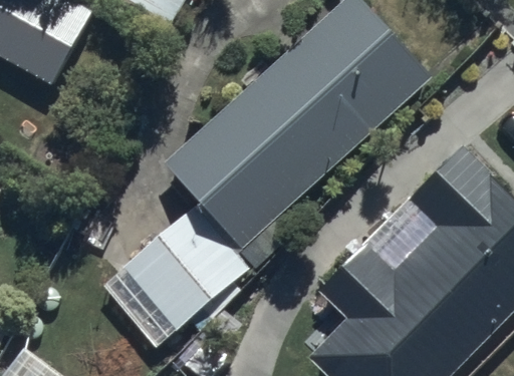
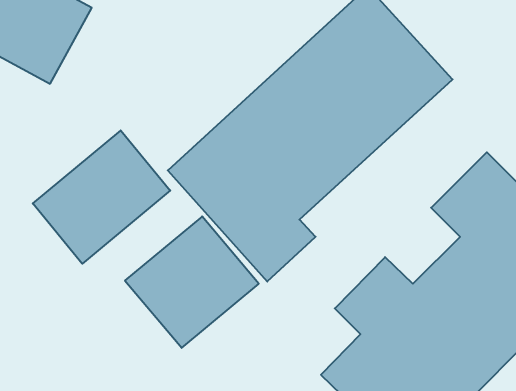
building: none -> [33,130,170,264]

